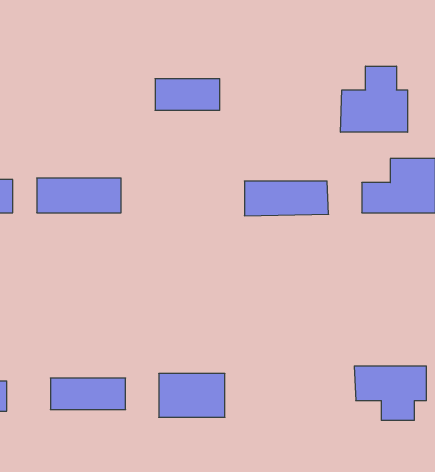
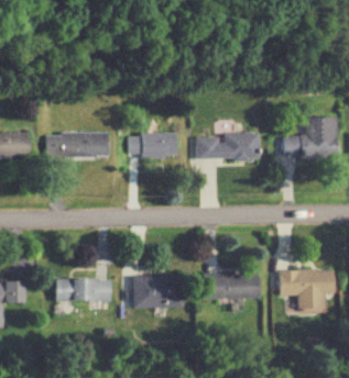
building: [341,66,408,132] -> none
building: [155,79,220,110] -> [130,133,177,156]
building: none -> [204,274,257,298]

